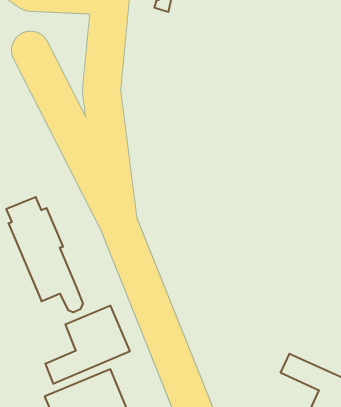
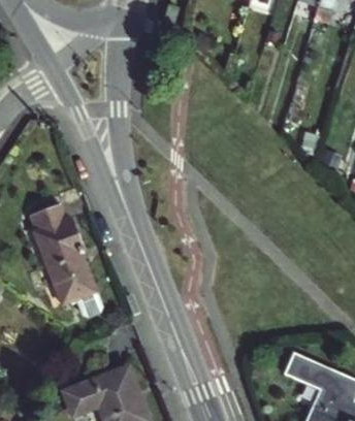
building: [45,306,130,384] -> none

